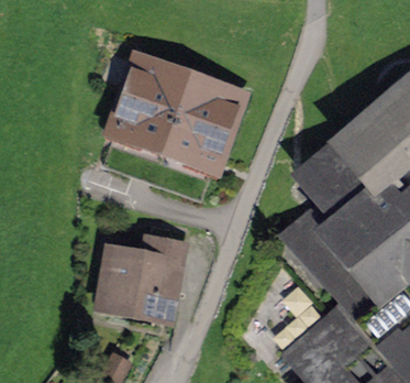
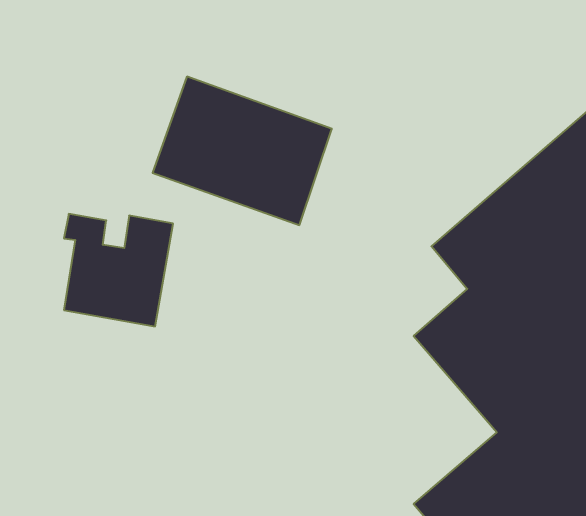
building: [102,234,176,310] -> [64,214,173,326]

